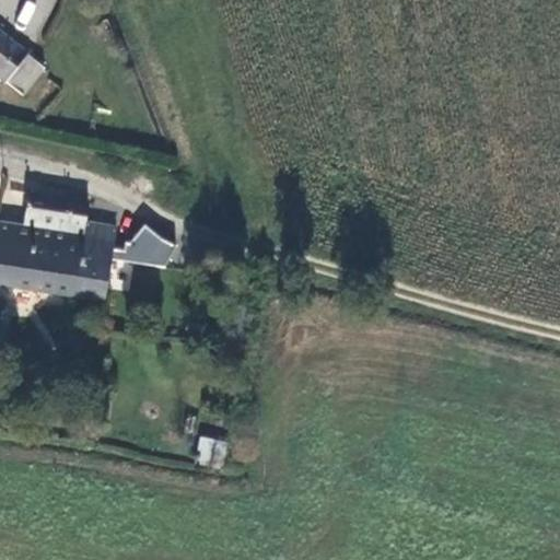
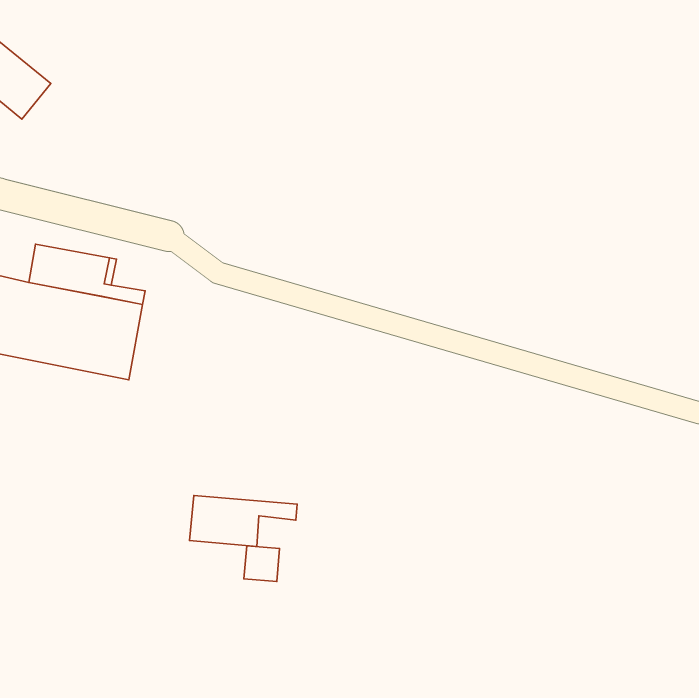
building: [114,228,171,264] -> none
building: none -> [190,496,297,547]

